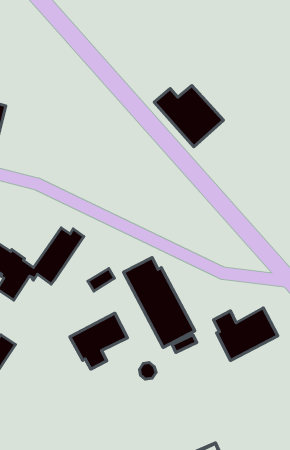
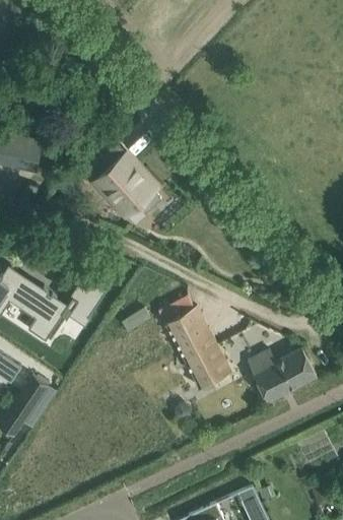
building: [154,85,223,147] -> [86,154,157,217]
building: [70,313,127,369] -> none

